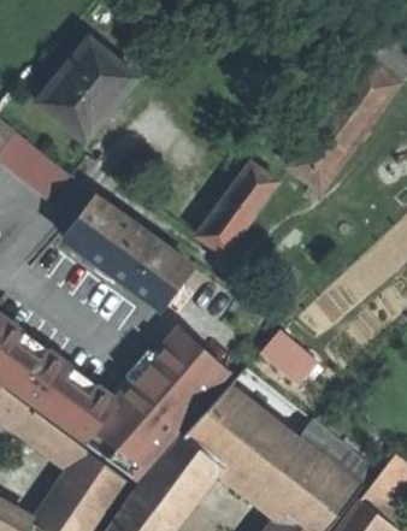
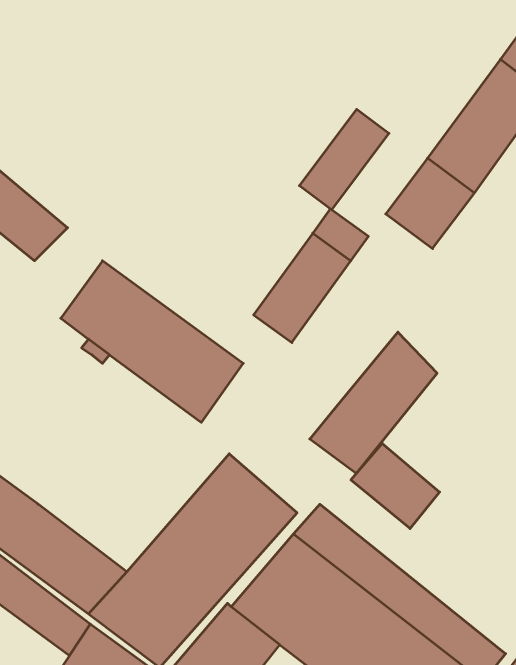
building: [35,39,137,143] -> none
building: none -> [299,109,389,210]
building: none -> [310,332,437,474]

